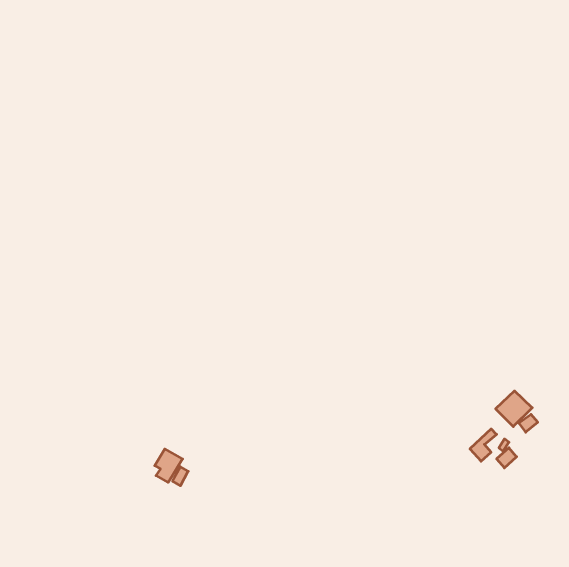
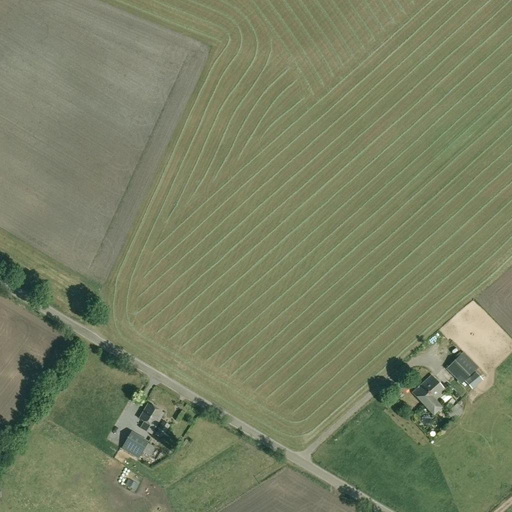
building: none -> [411,374,441,403]
building: none -> [122,431,148,457]

